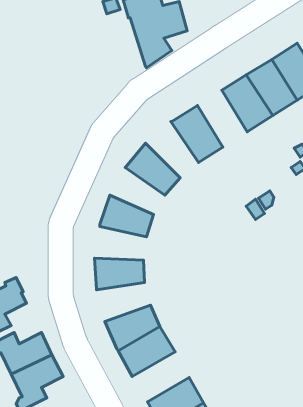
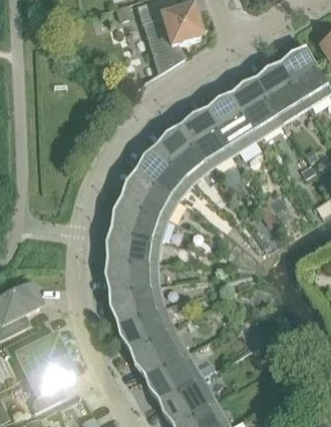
building: none -> [209,95,258,151]
building: none -> [157,126,210,181]
building: none -> [122,171,177,218]
building: none -> [107,230,158,263]
building: none -> [109,285,162,323]
building: none -> [144,353,201,402]

